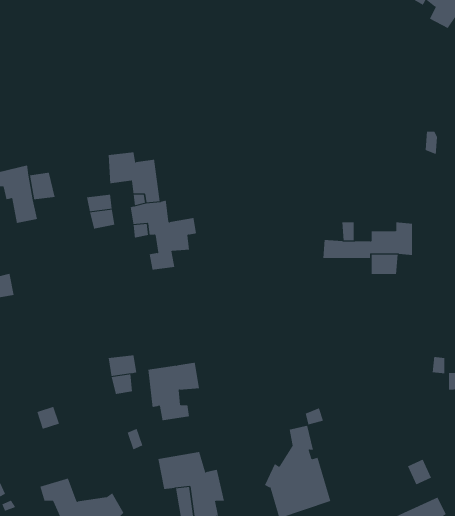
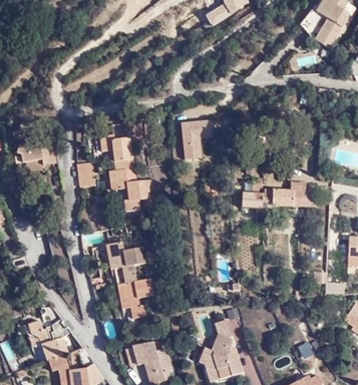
building: none -> [180,121,215,161]
building: none -> [108,239,147,282]
building: none -> [26,319,74,362]

